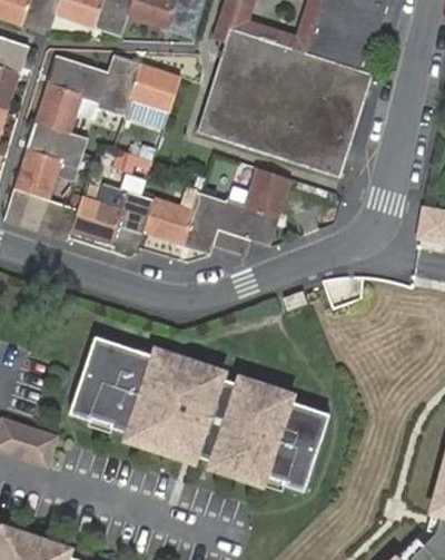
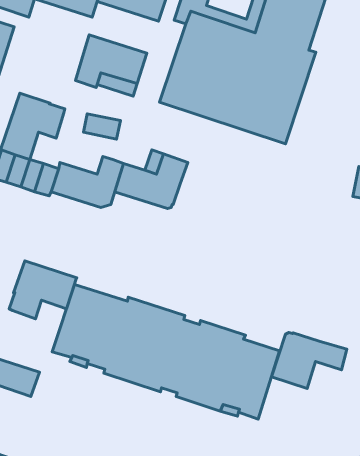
building: [36,55,109,131] -> none
building: [218,165,290,243] -> none
building: none -> [9,261,77,319]
building: none -> [271,332,347,389]

